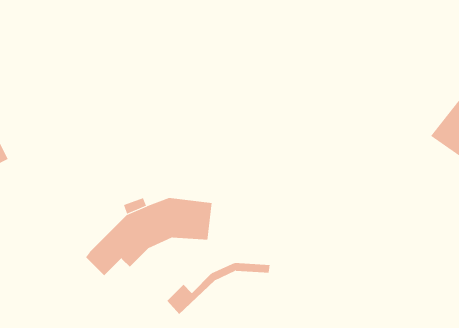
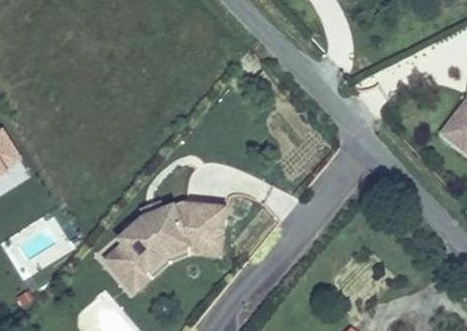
building: [166,263,270,315] -> [115,236,215,286]

